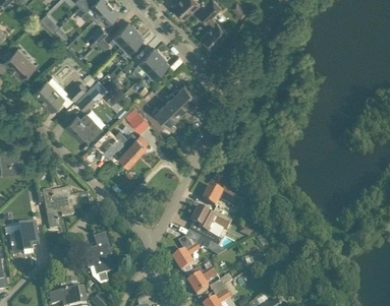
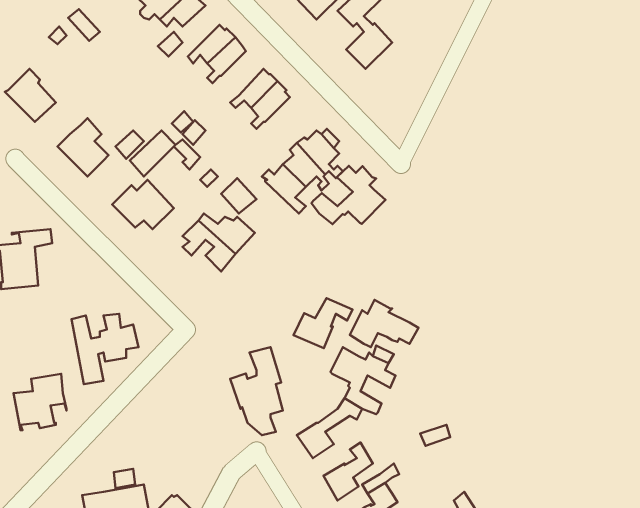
building: none -> [312,166,386,224]
building: none -> [293,298,353,348]
building: [81,233,112,284] -> [230,347,283,435]

